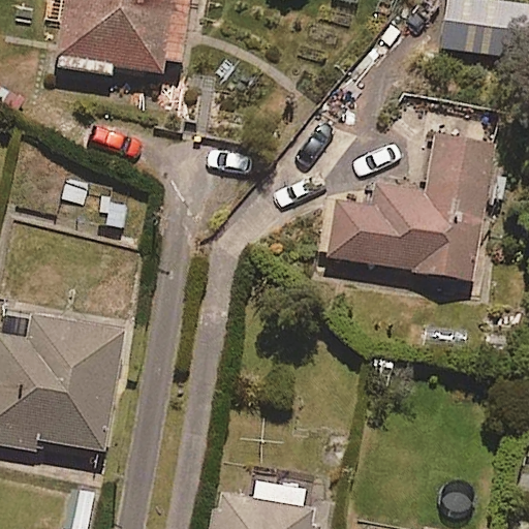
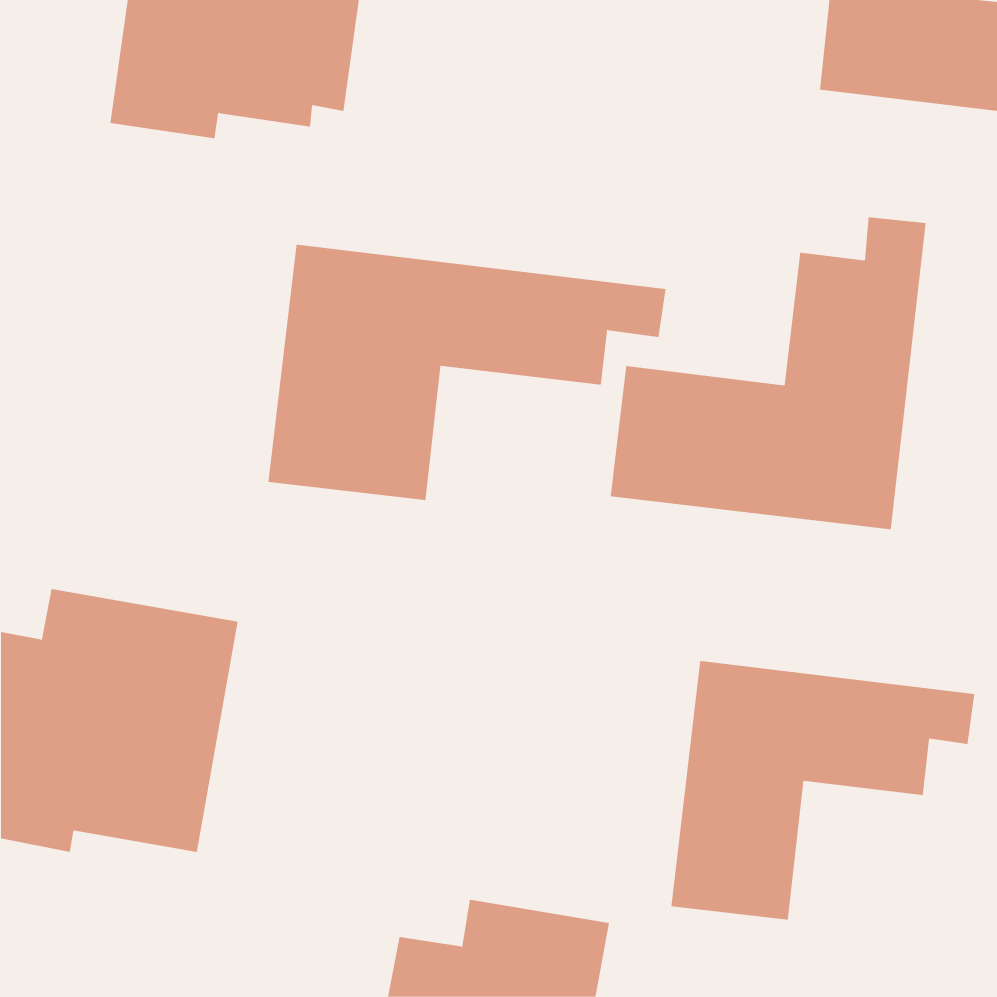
building: none -> [268,244,666,501]
building: none -> [671,660,975,920]

